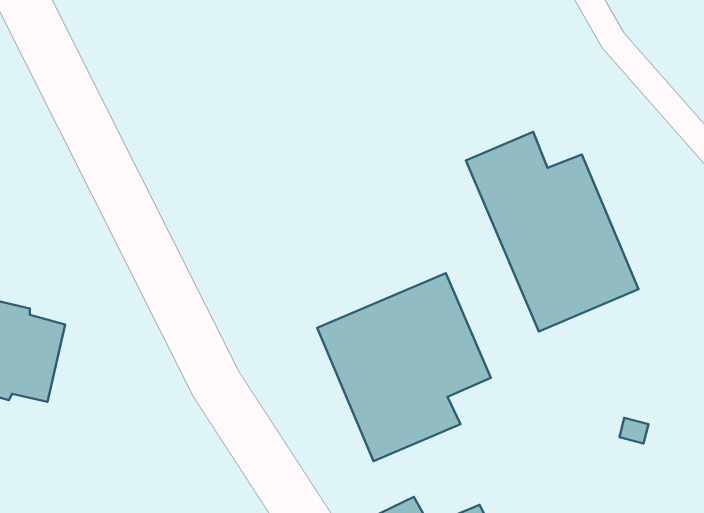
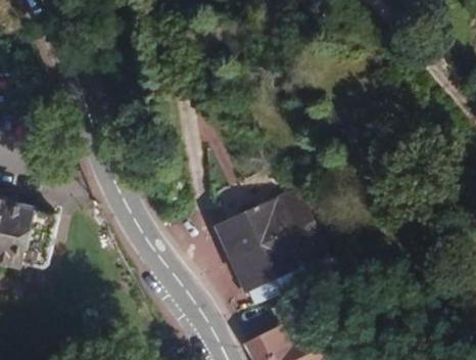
building: [466,132,639,332] -> none

